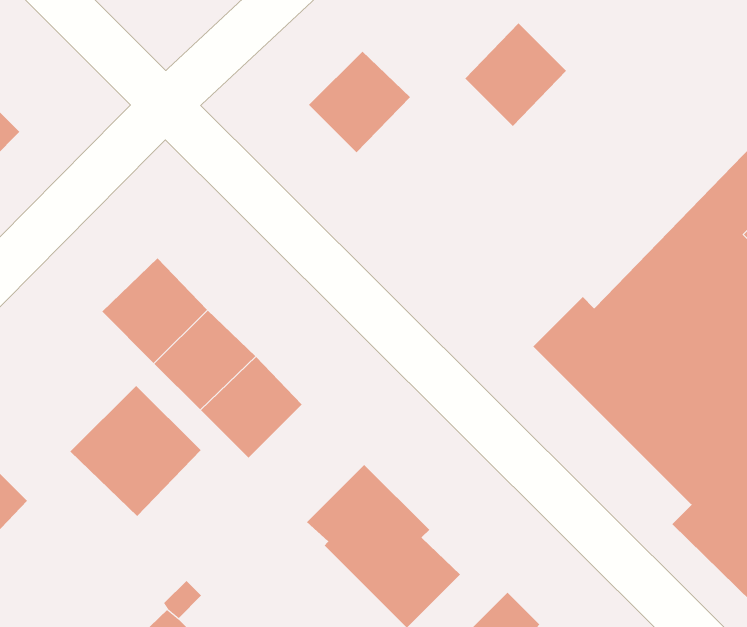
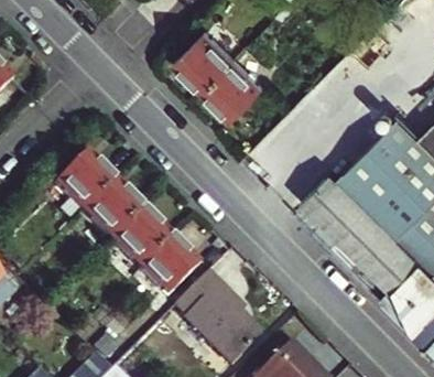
building: [464,22,567,127] -> [204,60,262,119]
building: [70,385,201,517] -> none
building: none -> [142,235,202,293]

